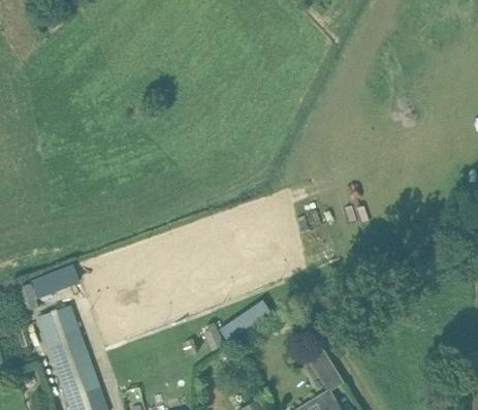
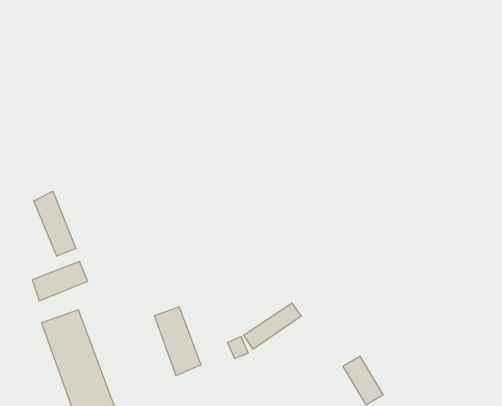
building: none -> [34,191,76,256]
building: none -> [155,307,201,376]

